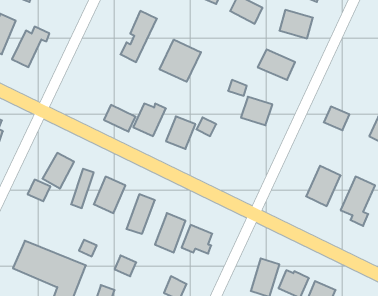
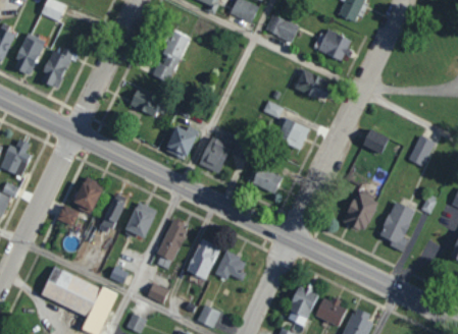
building: [160,40,201,82] -> none
building: [104,105,136,132] -> [130,89,162,116]
building: none -> [249,165,283,192]

